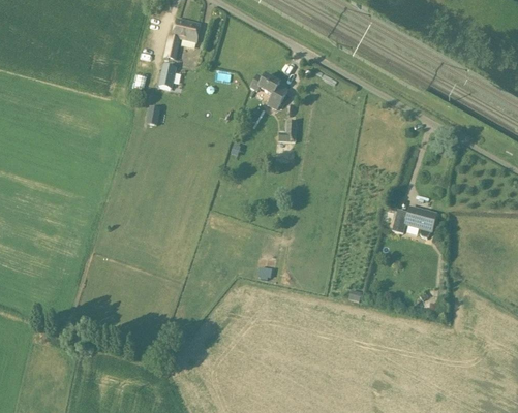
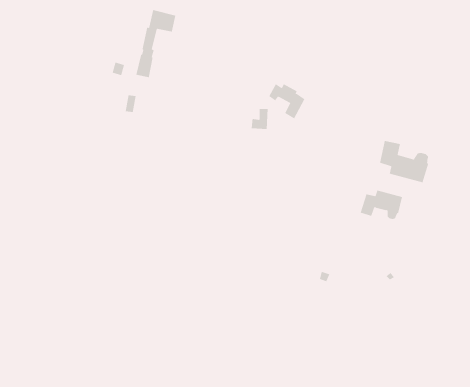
building: [251,73,290,110] -> [269,83,305,119]
building: none -> [379,140,429,183]

